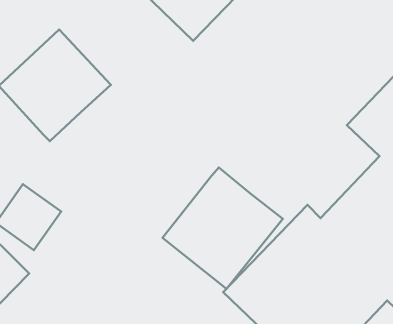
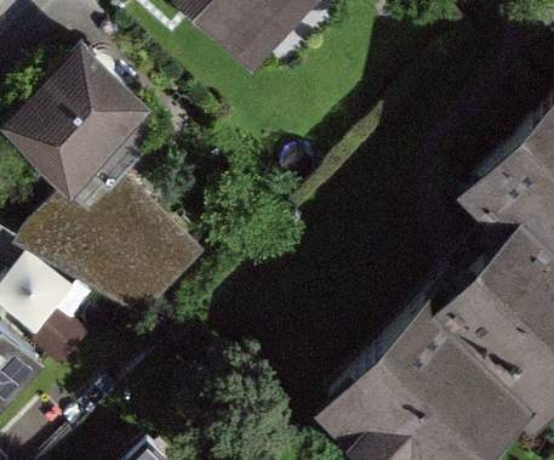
building: none -> [22,166,212,313]
building: [162,168,283,289] -> none

